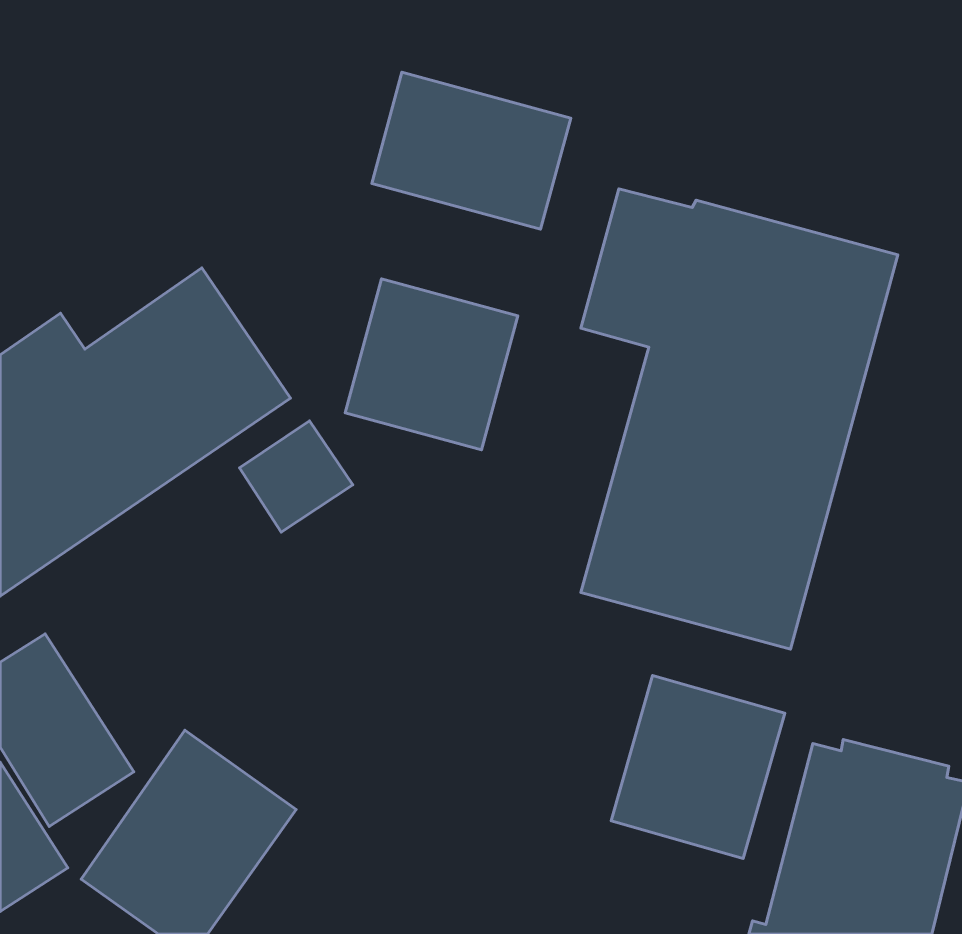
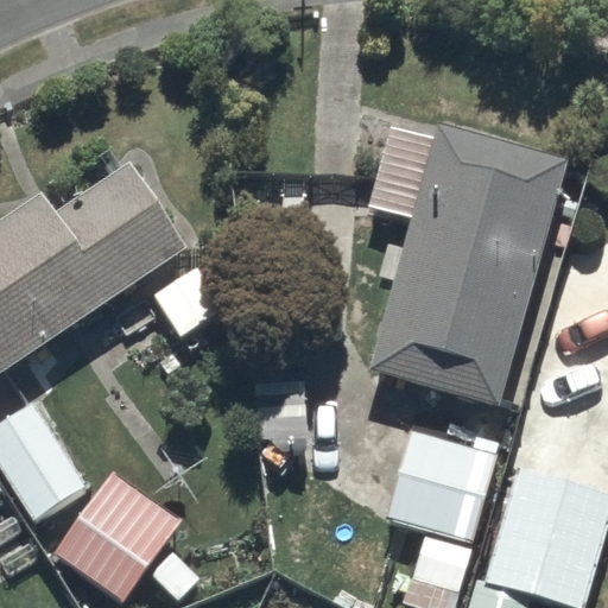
building: [372,72,571,229] -> none
building: [345,279,518,450] -> none

